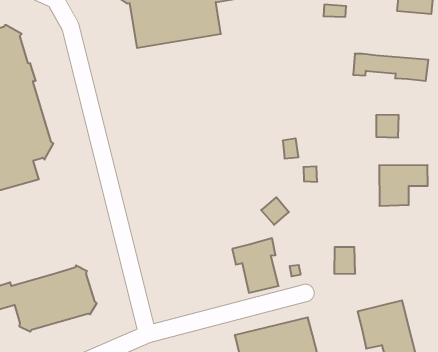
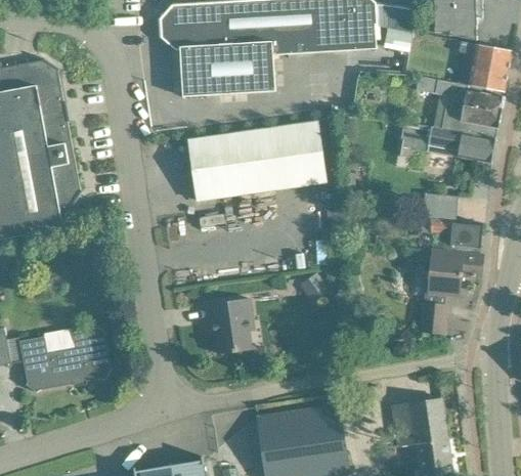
building: none -> [433,79,502,140]
building: none -> [187,121,325,200]
building: none -> [429,218,481,248]
building: [232,238,279,293] -> [204,297,250,353]
building: [334,247,355,274] -> [420,302,444,333]

